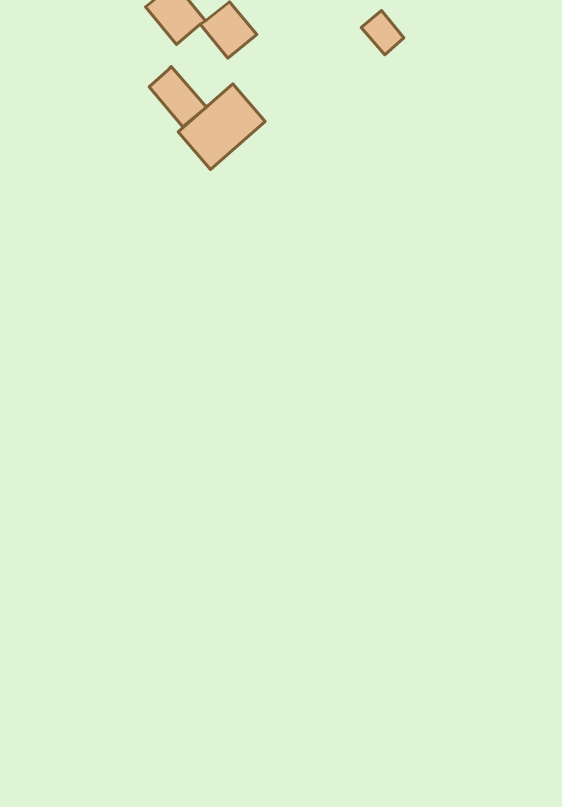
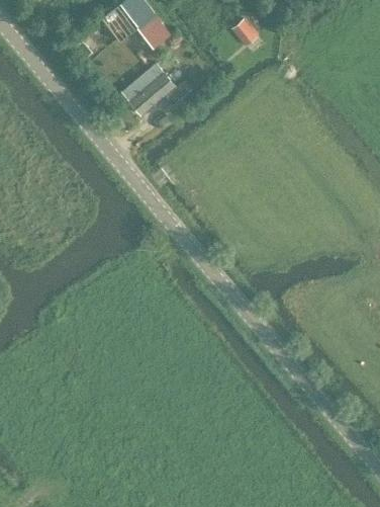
building: [149,66,207,127] -> none

